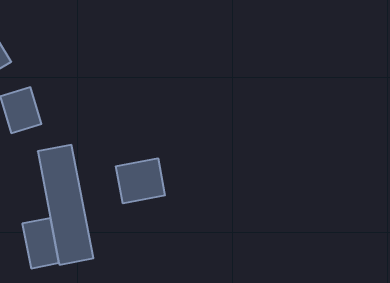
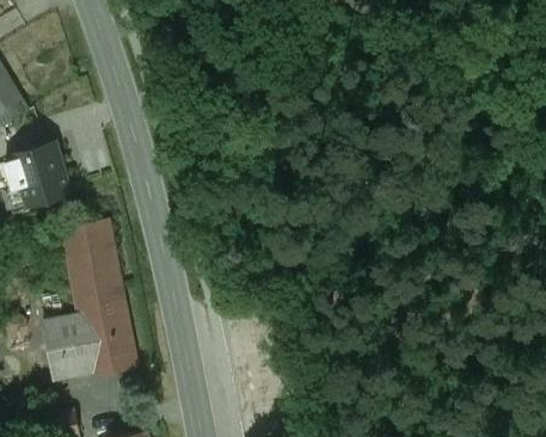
building: [116,158,165,203] -> none

